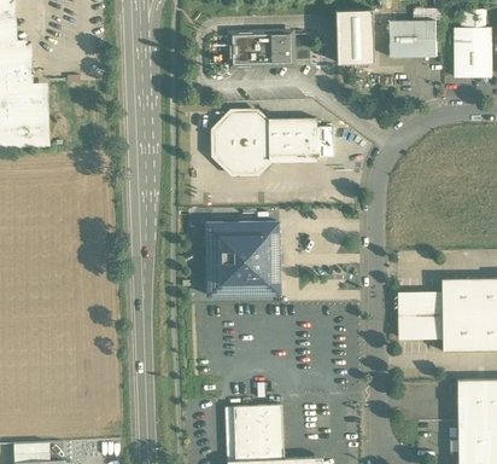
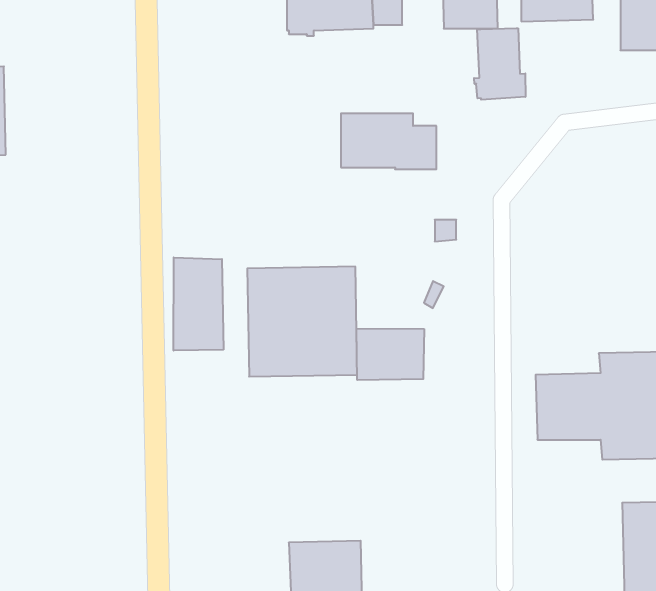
building: none -> [474,28,525,100]
building: [214,111,268,172] -> none
building: none -> [174,257,223,351]
building: none -> [356,328,424,380]

